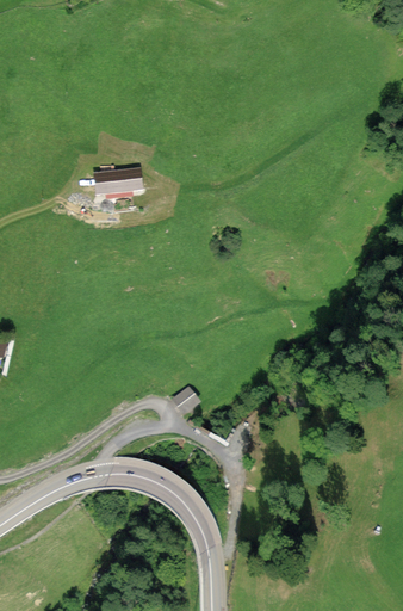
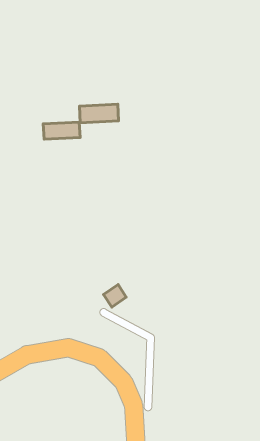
building: none -> [80,104,119,123]

